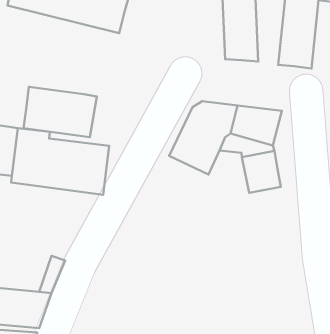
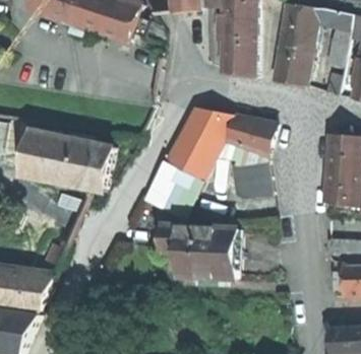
building: [23,87,97,137] -> none
building: none -> [145,158,202,217]
building: none -> [160,225,238,278]

